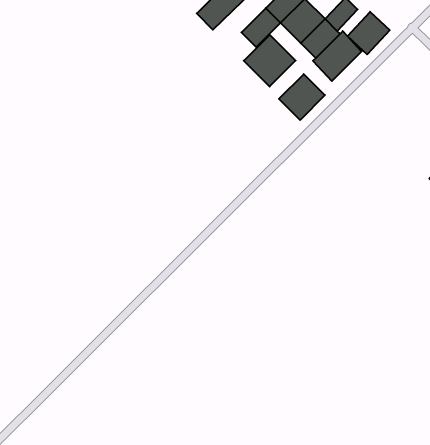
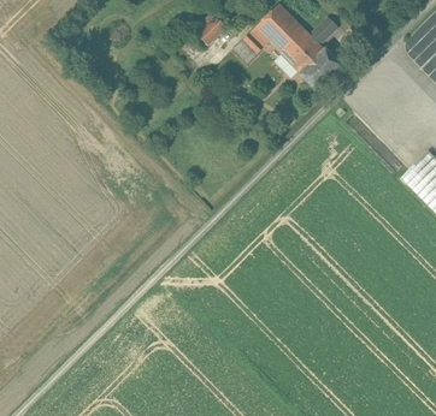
building: [347,12,390,54] -> none
building: [244,35,296,87] -> none
building: [279,74,325,120] -> none

